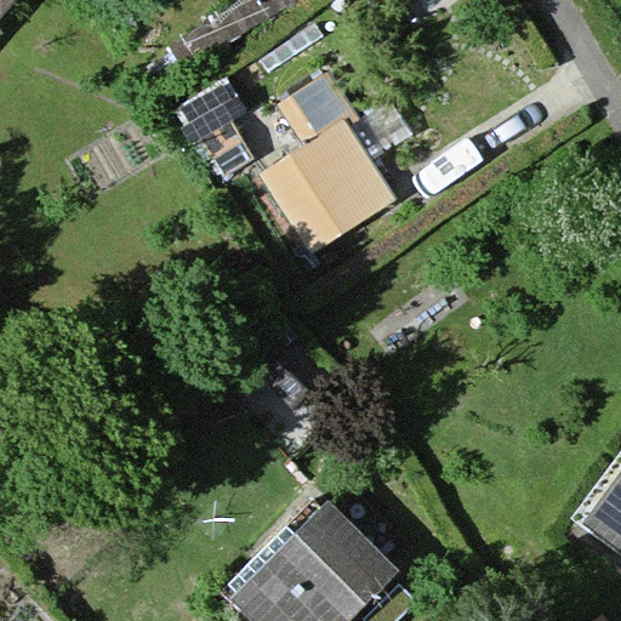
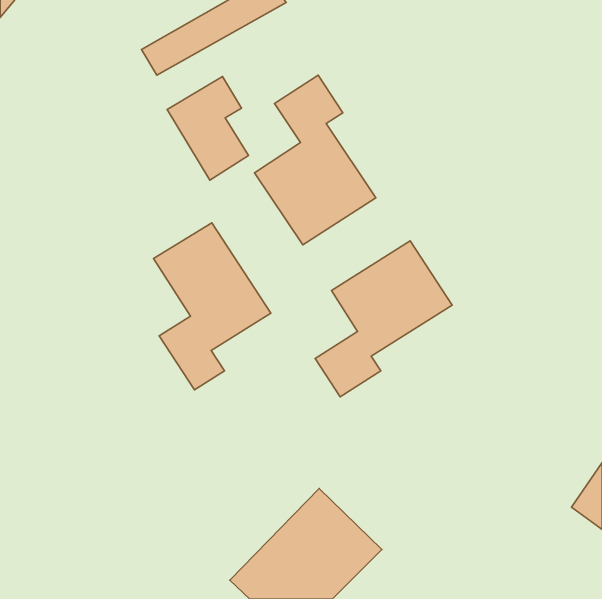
building: none -> [154,223,271,390]
building: none -> [315,241,452,397]

